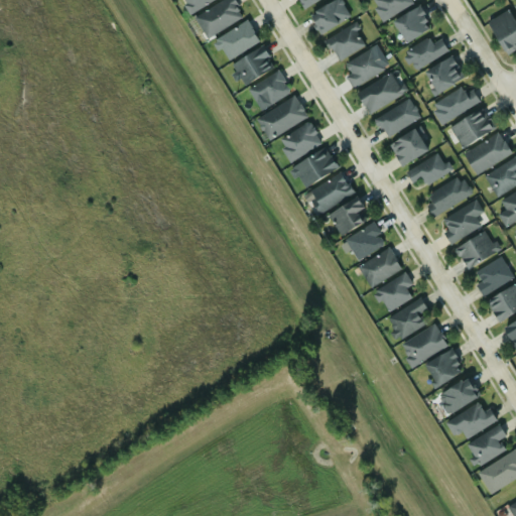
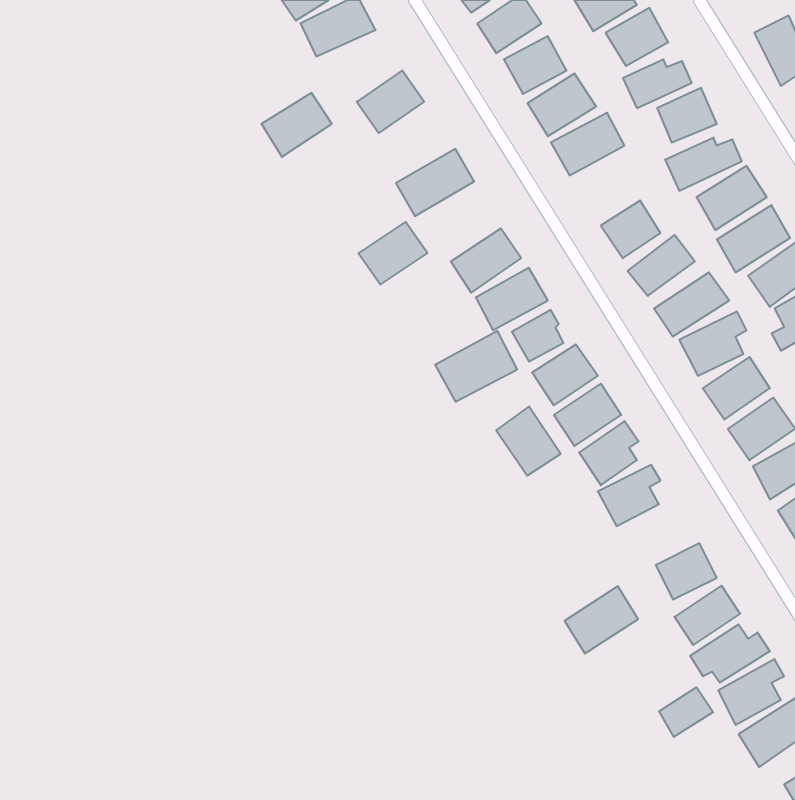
building: [216,20,261,61] -> [261,93,332,157]
building: [249,72,291,104] -> none
building: [376,101,421,137] -> none
building: [279,122,324,162] -> [358,222,427,285]
building: none -> [435,331,517,402]
building: none -> [496,406,561,476]
building: [401,324,448,367] -> [565,586,638,654]
building: none -> [659,687,713,737]

